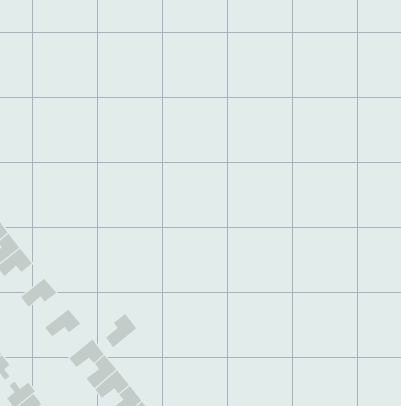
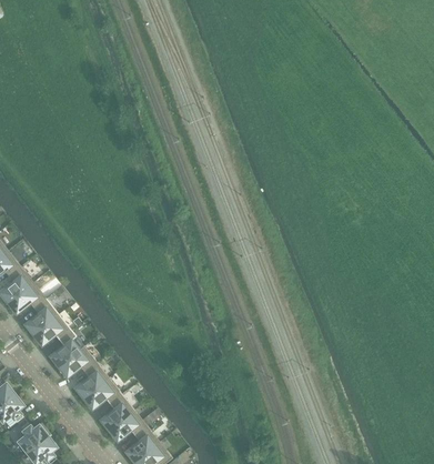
building: none -> [17,294,50,330]
building: none -> [42,325,75,362]
building: [105,313,137,348] -> [68,357,101,394]

